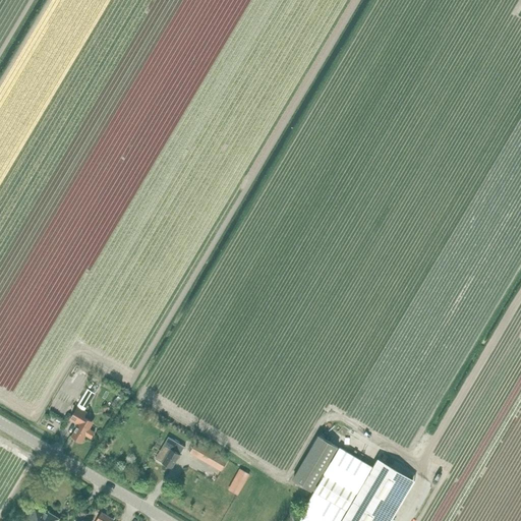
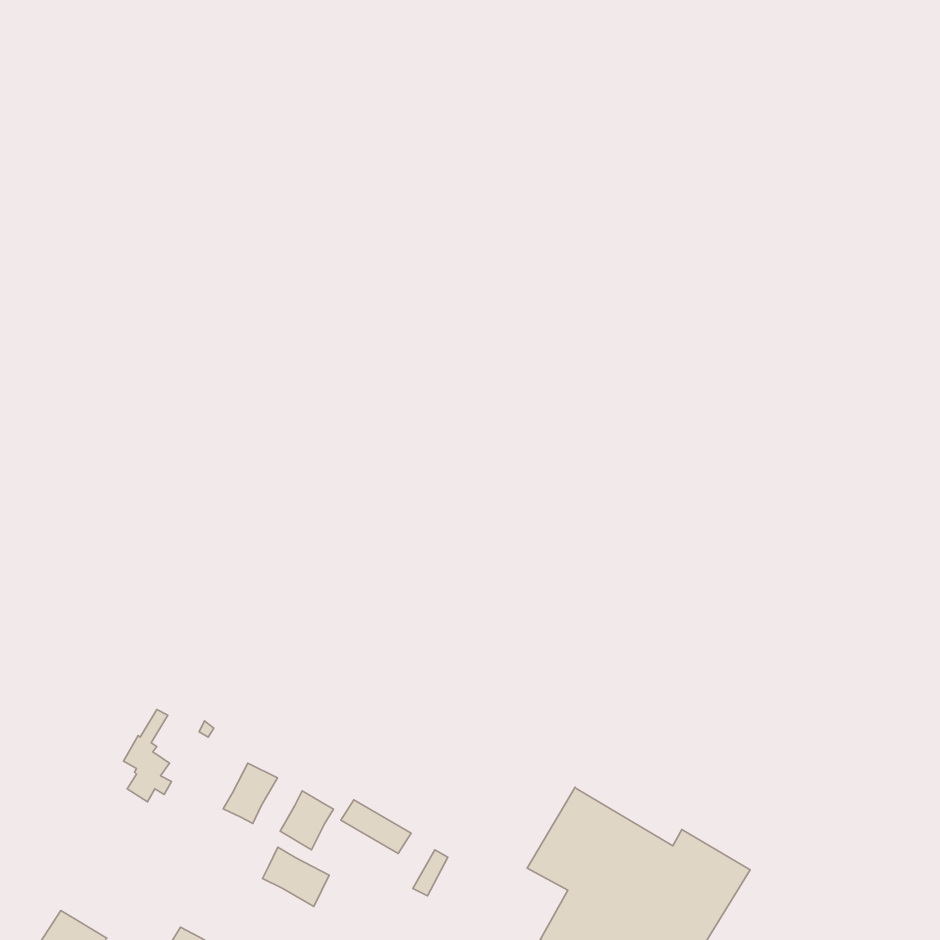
building: none -> [223,763,278,823]
building: none -> [262,847,329,906]

